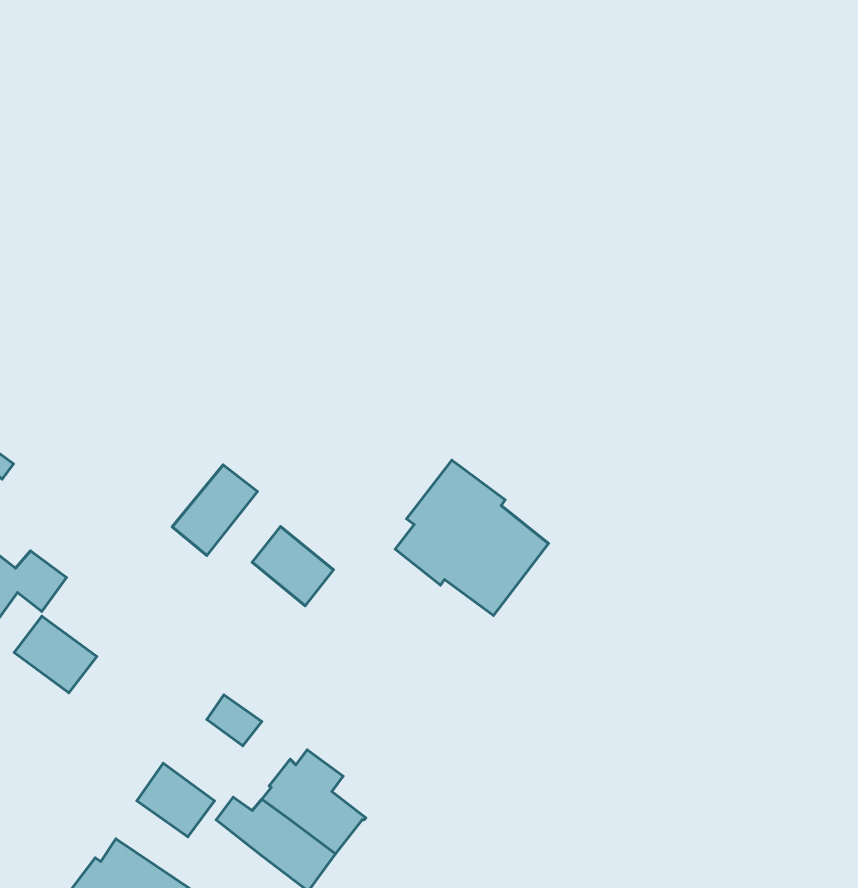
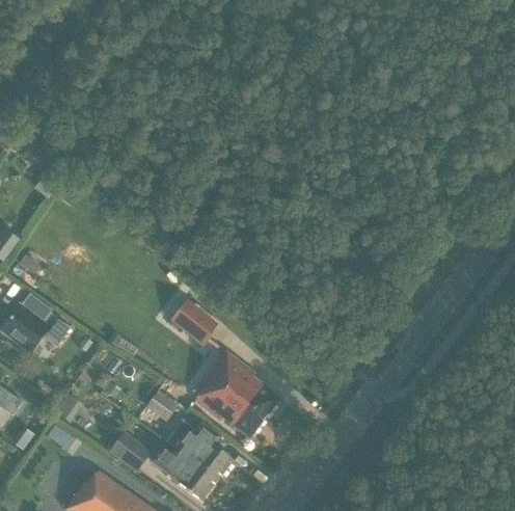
building: [395,460,549,615] -> [194,351,278,436]
building: [172,465,258,556] -> none
building: [14,616,97,693] -> none

